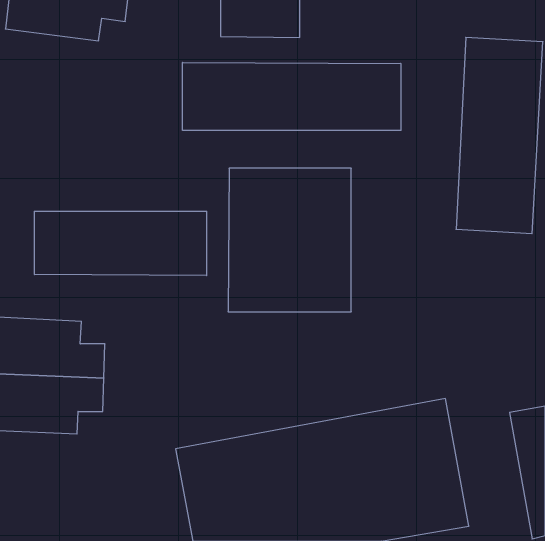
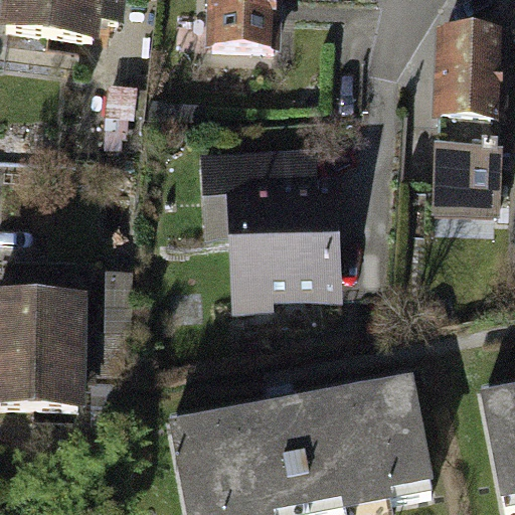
building: [183,62,401,130] -> none
building: [34,211,207,276] -> none

